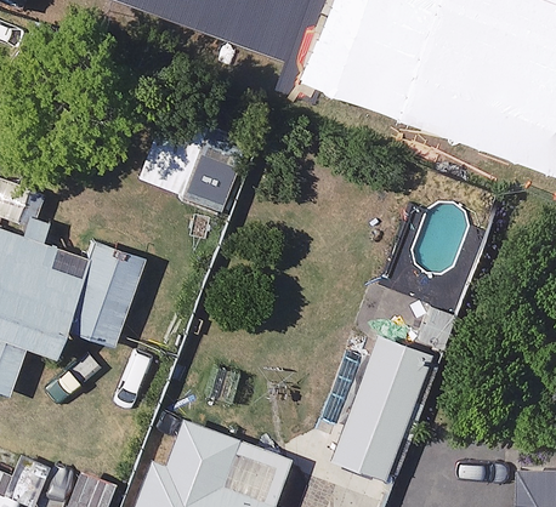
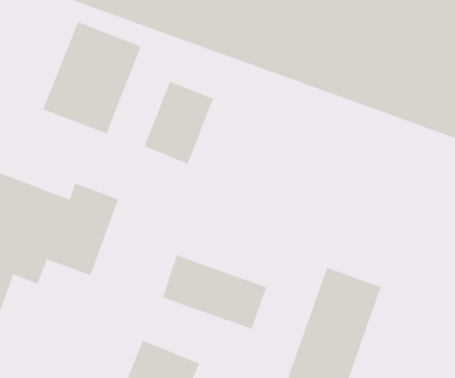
building: none -> [42,21,141,134]
building: none -> [162,255,267,330]

